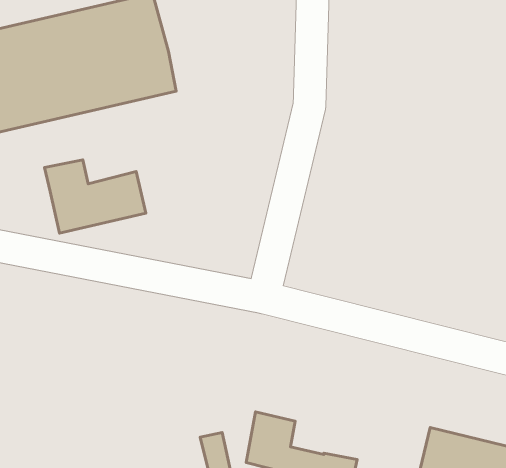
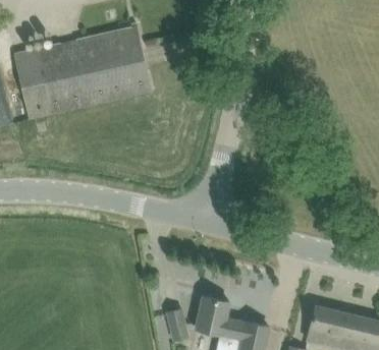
building: [44,160,146,233] -> none

